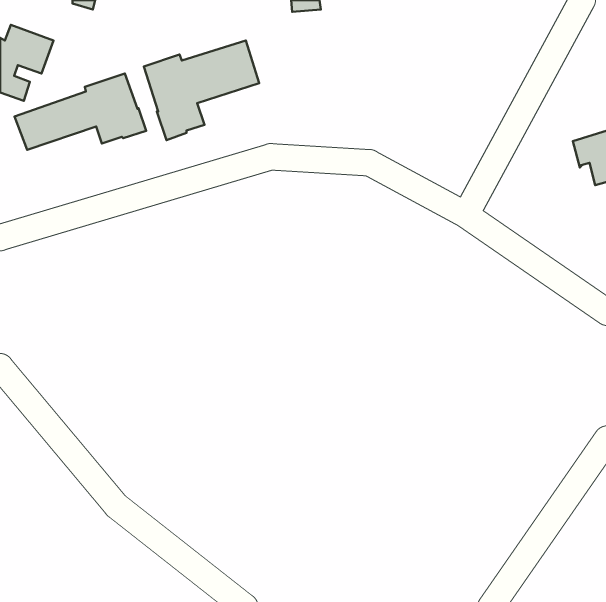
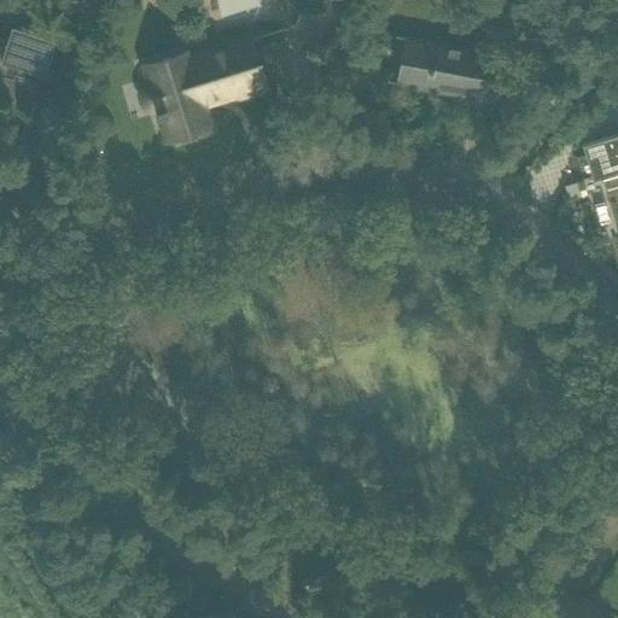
building: none -> [397,43,502,106]
building: [15,73,146,150] -> none

